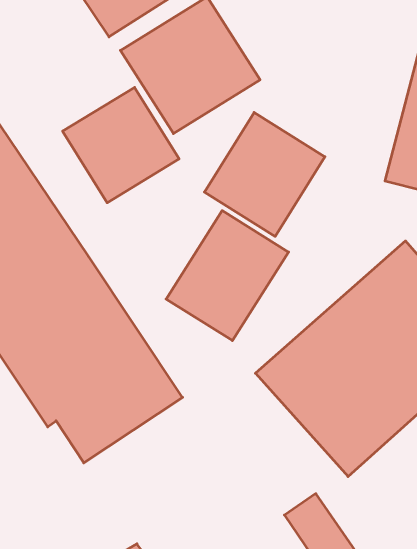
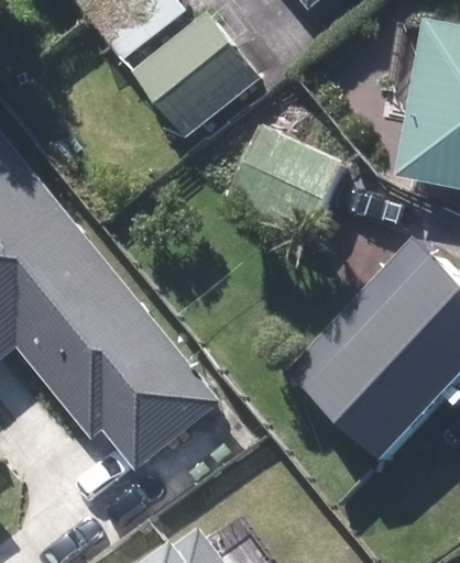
building: [63,87,179,203] -> none
building: [166,211,289,341] -> none

